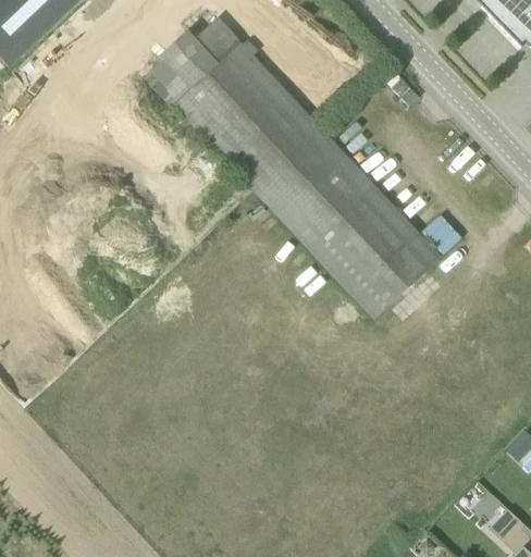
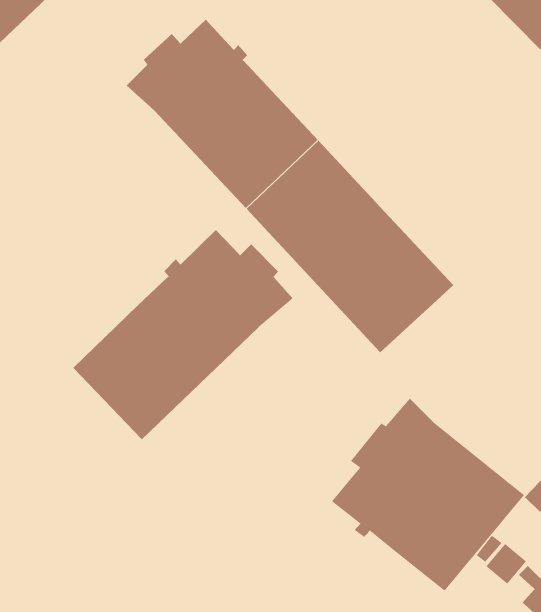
building: none -> [73,229,294,440]
building: none -> [331,398,525,591]

